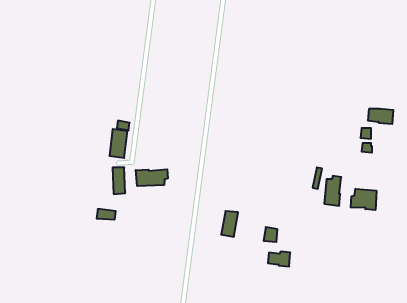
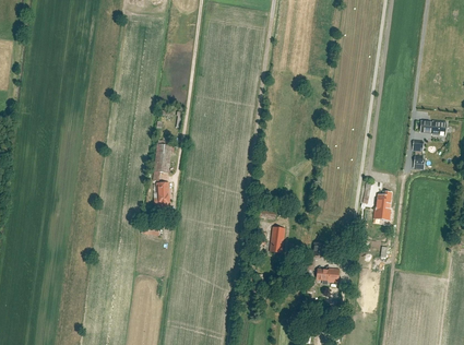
building: [136,169,168,186] -> none
building: [351,189,376,210] -> none

